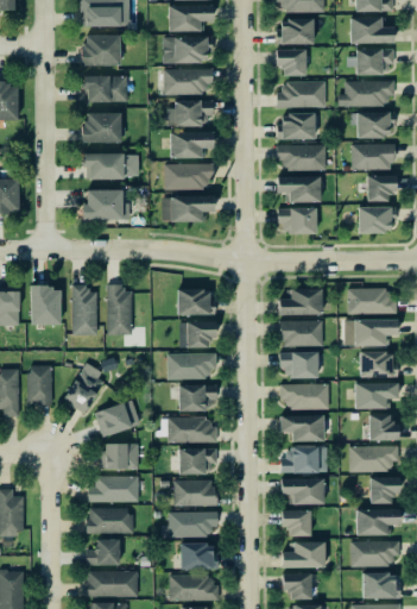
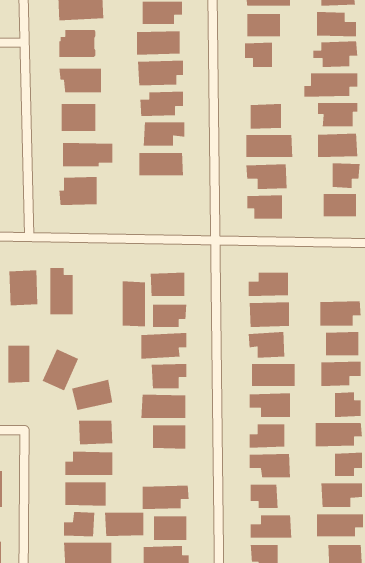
building: [277,81,326,108] -> none
building: [162,196,214,222] -> none
building: [107,287,132,335] -> [122,281,146,327]
building: [348,288,397,314] -> none
building: [173,481,215,507] -> [104,512,144,537]

